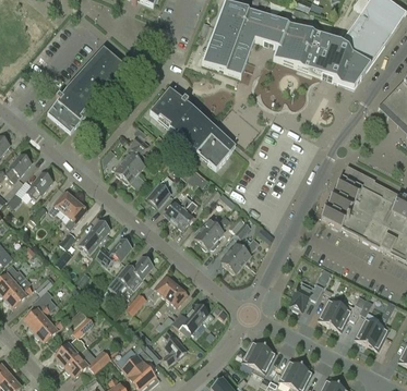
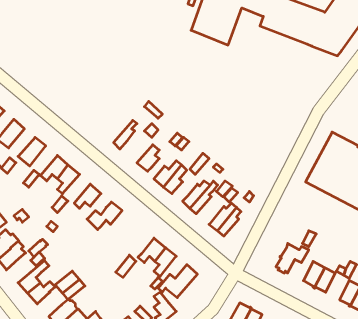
building: [51,49,128,132] -> none
building: [154,93,235,168] -> none
building: [116,135,149,176] -> none
building: [108,255,153,293] -> none

